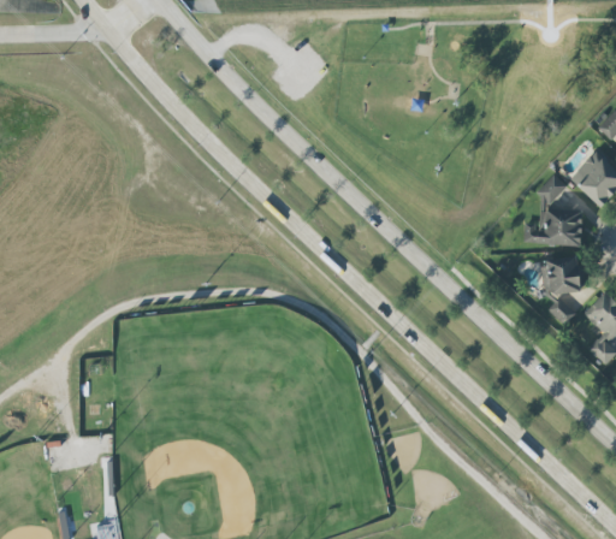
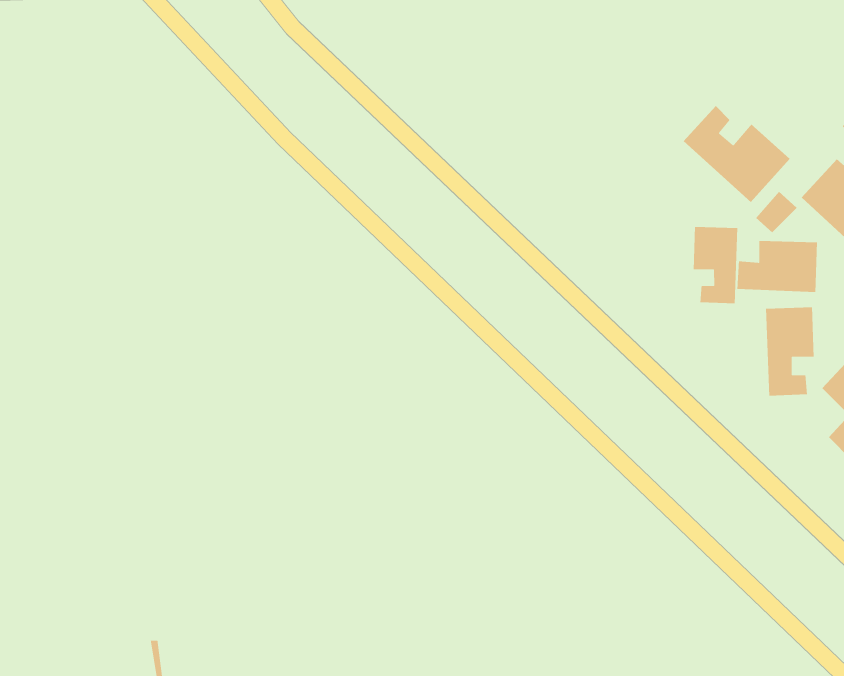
building: none -> [683,105,790,203]
building: none -> [693,226,738,304]

